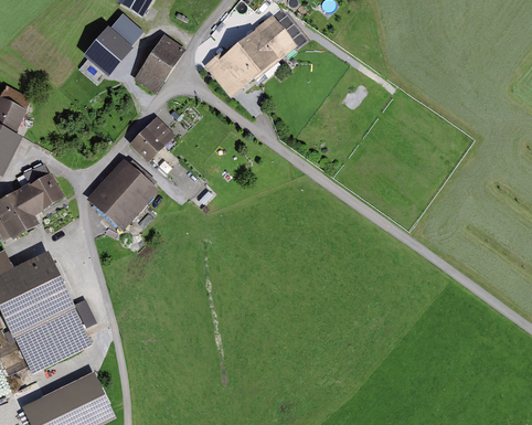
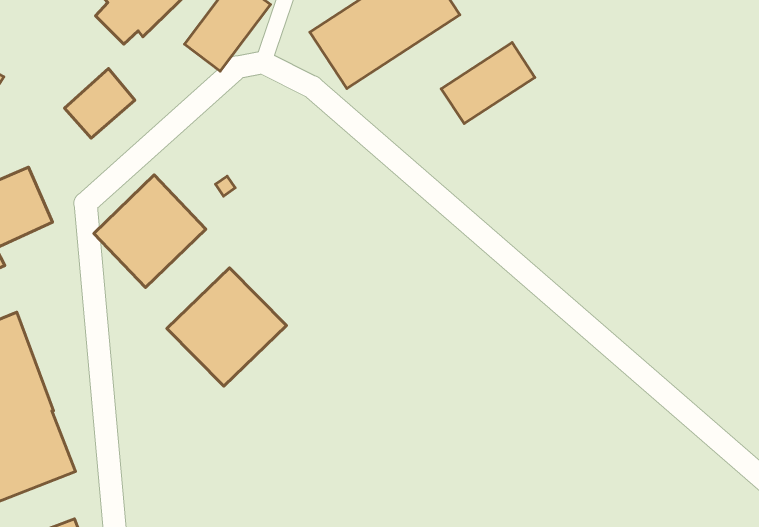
building: none -> [441,43,535,124]
building: [132,117,174,160] -> [65,68,135,138]
building: none -> [167,268,286,386]

